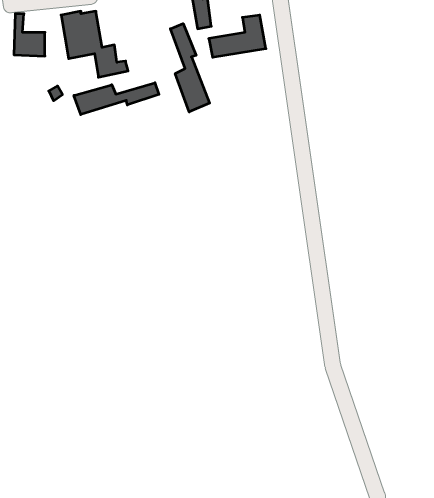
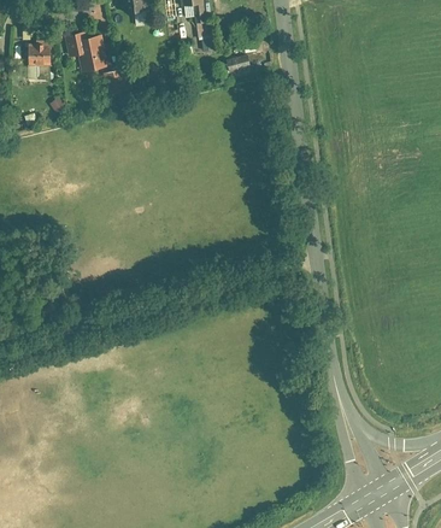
building: [170,24,210,112] -> none
building: [74,83,159,115] -> none

